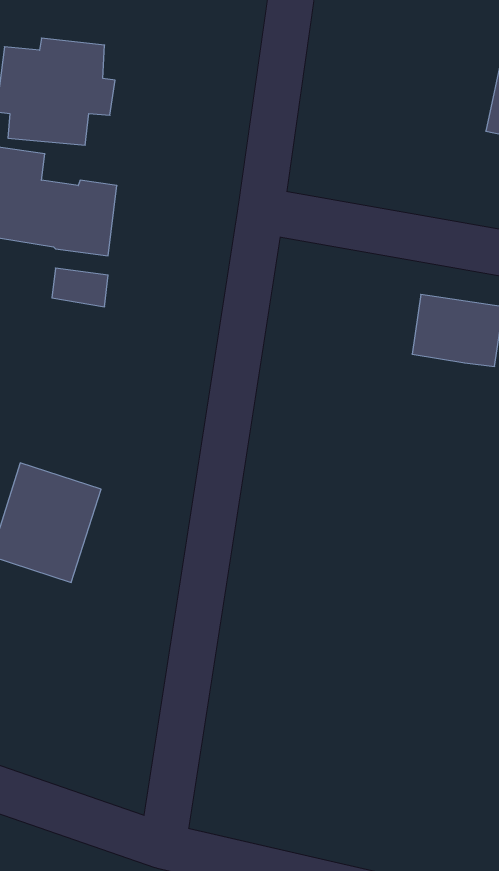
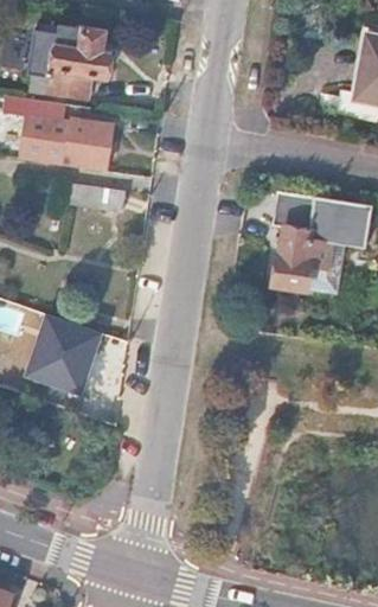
building: none -> [268,193,345,295]

